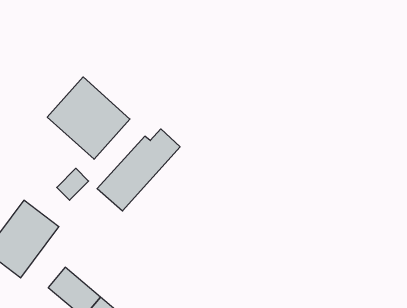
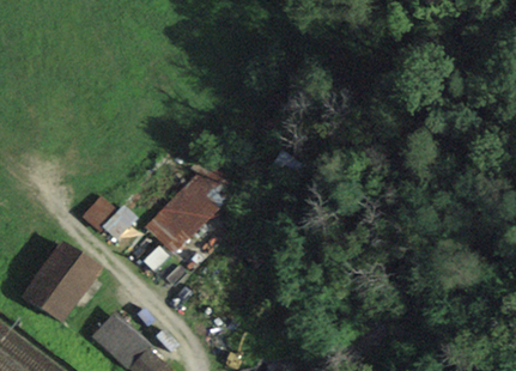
building: [47,77,130,159] -> none

